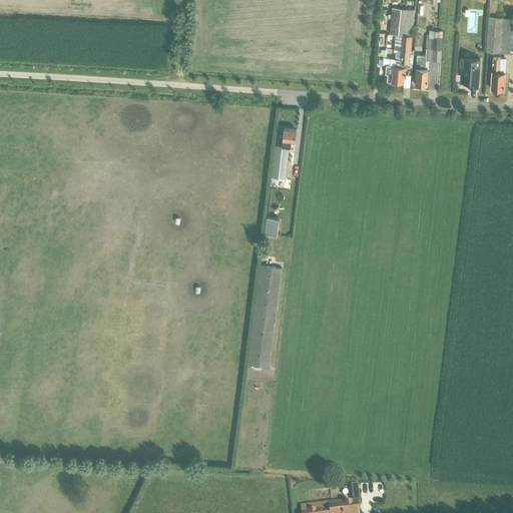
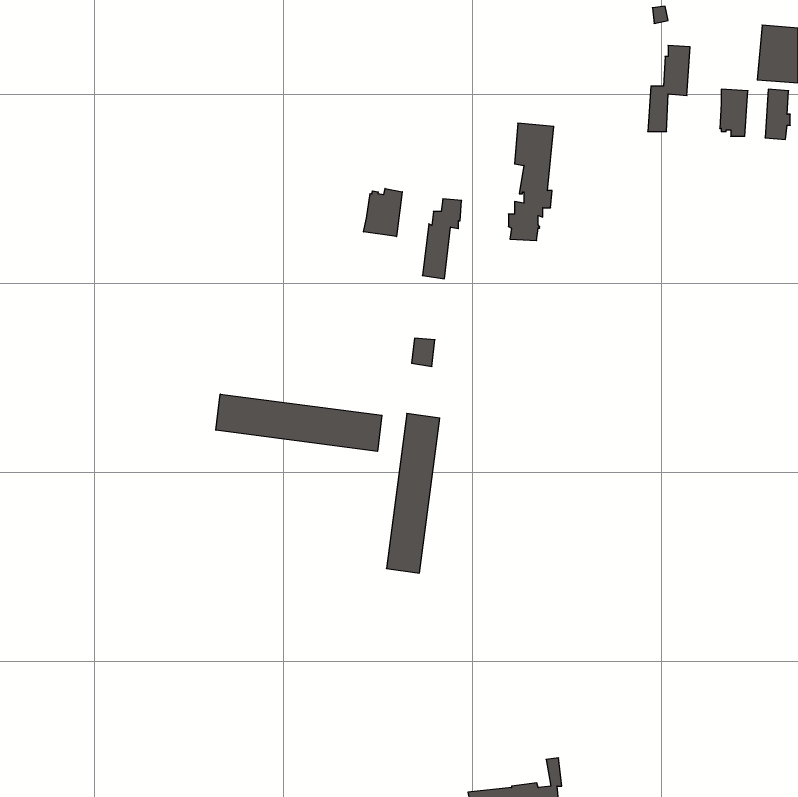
building: [385,9,414,84] -> [508,123,554,241]
building: none -> [364,188,402,237]
building: none -> [216,394,382,451]

